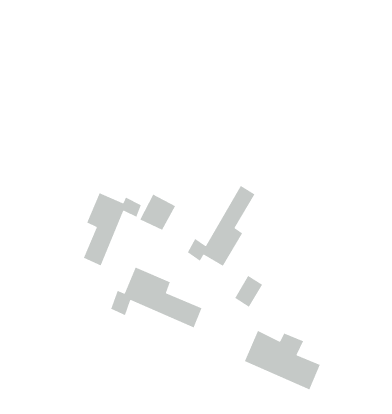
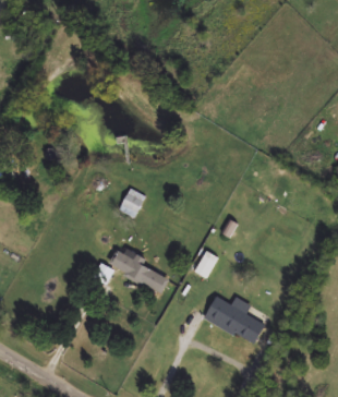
building: [187,185,255,267] -> none
building: [83,192,142,266] -> none

